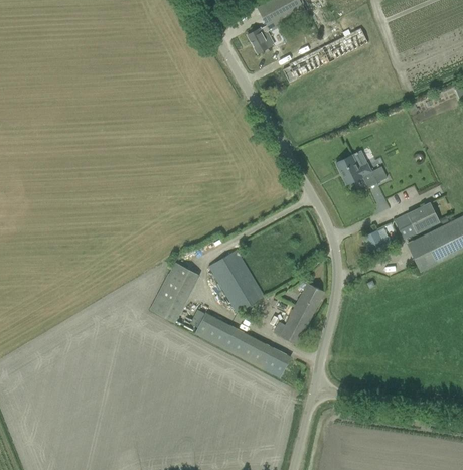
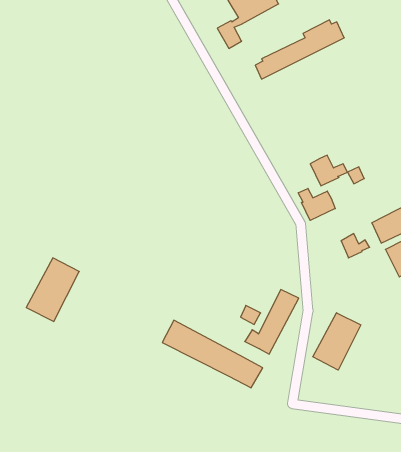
building: none -> [298,188,335,220]
building: [207,249,264,312] -> none
building: [149,262,199,322] -> [26,258,79,321]
building: none -> [313,313,361,370]

